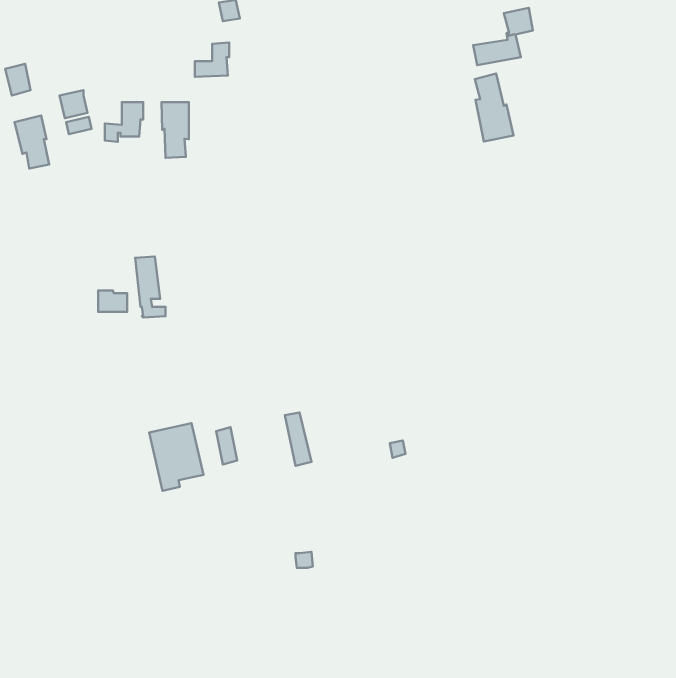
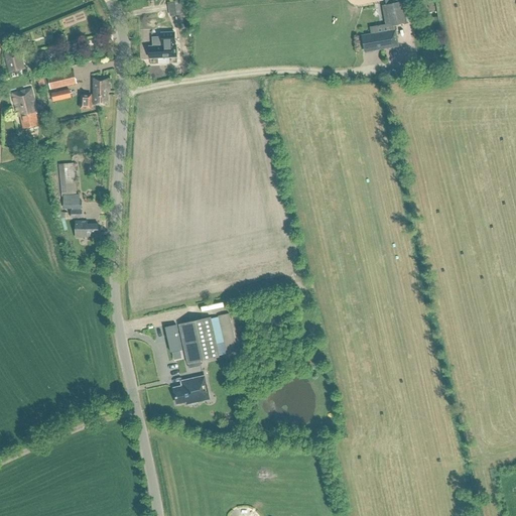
building: [475,73,513,141] -> none
building: [161,102,189,158] -> none
building: [135,257,166,318] -> [57,163,81,210]
building: [149,423,204,491] -> [177,317,219,369]
building: none -> [172,377,209,404]

